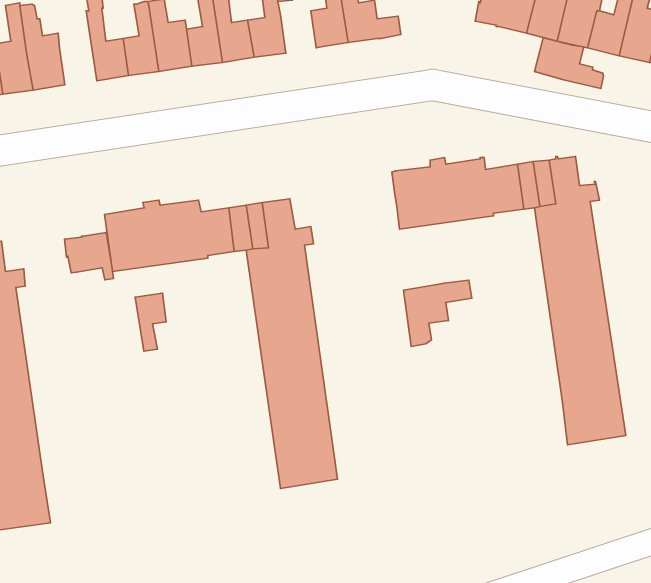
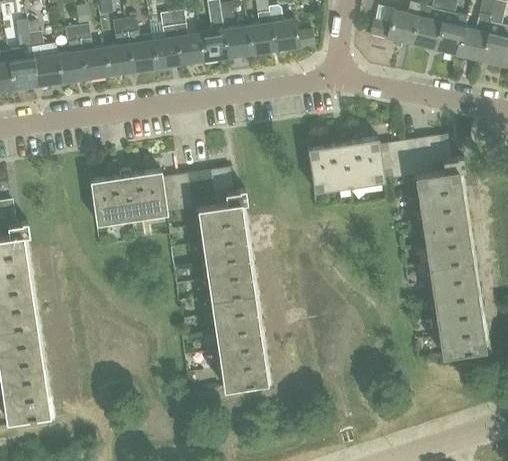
building: none -> [56,27,84,83]
building: none -> [223,27,250,59]
building: [535,38,603,89] -> none
building: [64,233,113,280] -> none
building: [403,280,472,347] -> none
building: [135,293,166,351] -> none

